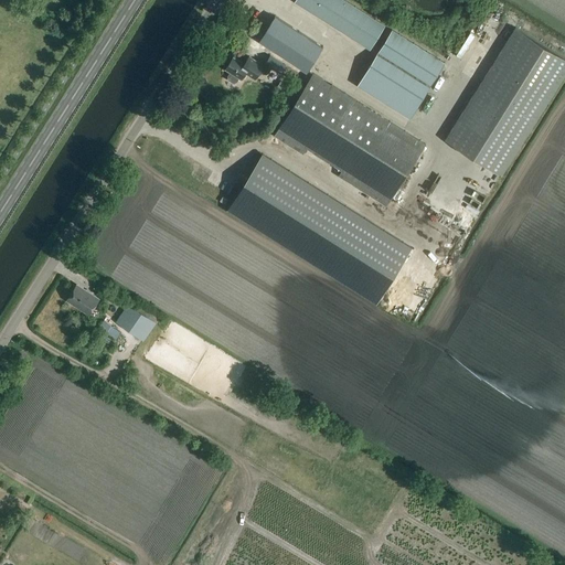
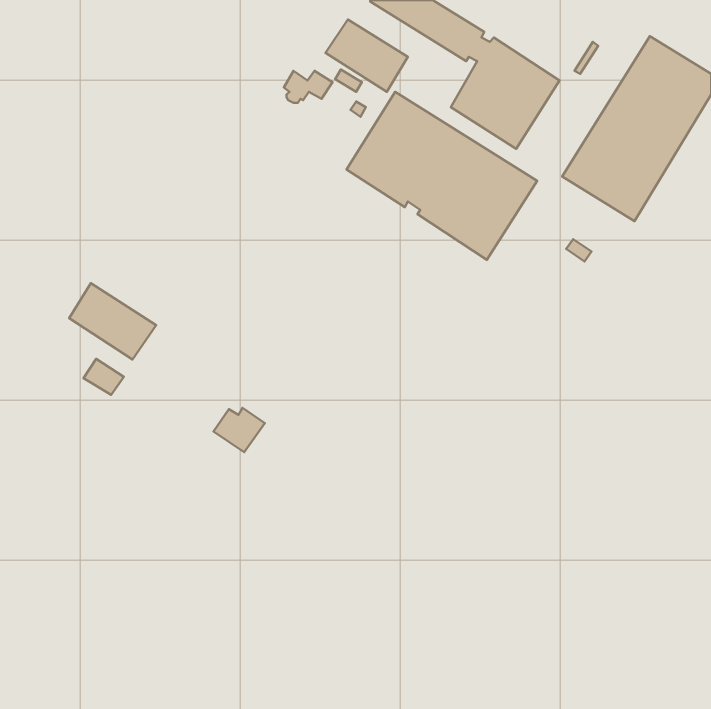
building: [227,153,412,303] -> none
building: none -> [69,283,156,359]
building: [117,305,158,340] -> [213,408,265,452]

